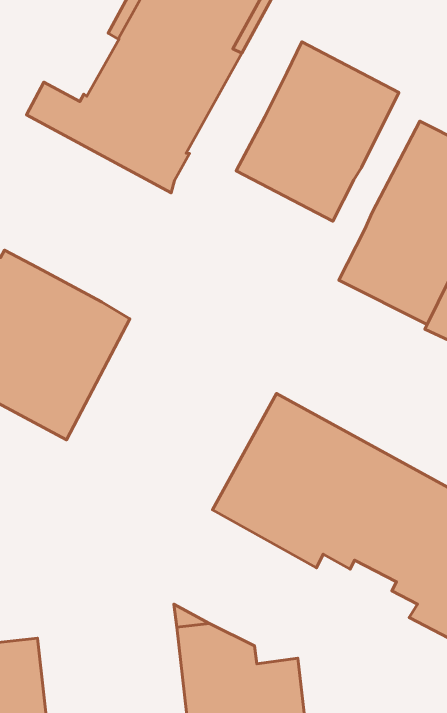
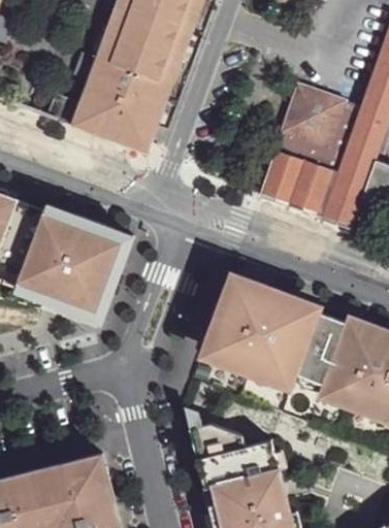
building: [236,42,399,221] -> none

